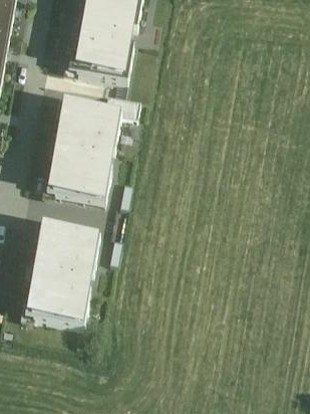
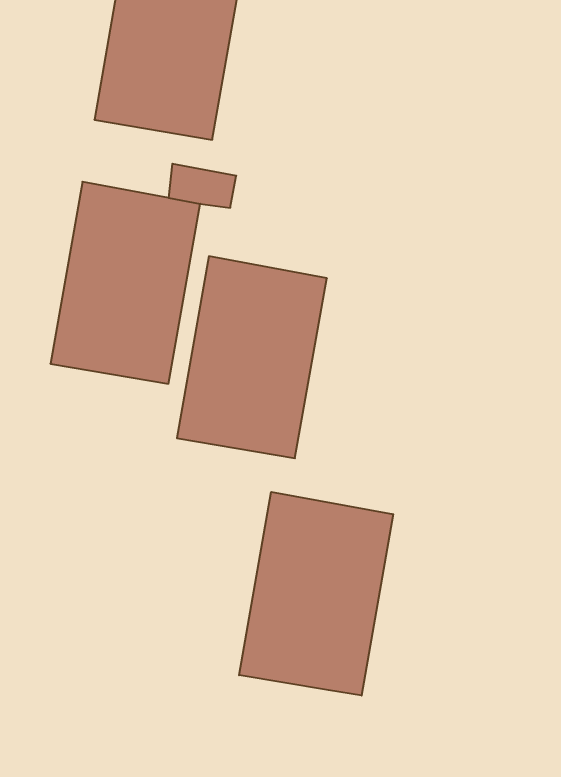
building: [24,226,99,328] -> [177,256,327,458]
building: none -> [239,492,393,696]

